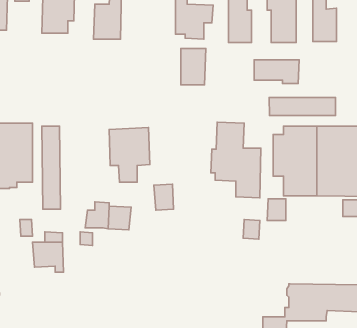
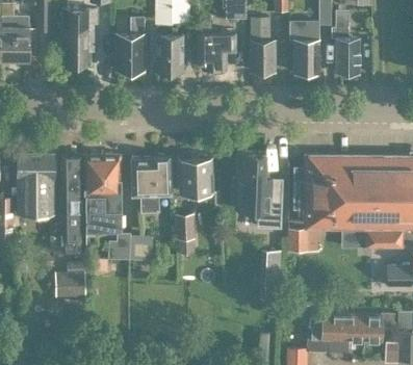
building: [181,49,206,85] -> [157,34,182,71]
building: [254,60,299,84] -> none
building: [269,98,336,116] -> none
building: none -> [85,153,121,241]
building: none -> [179,157,213,192]

